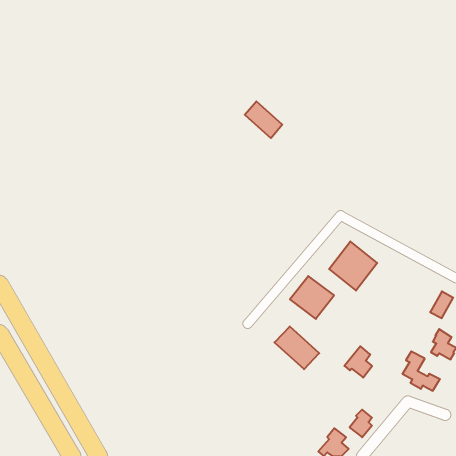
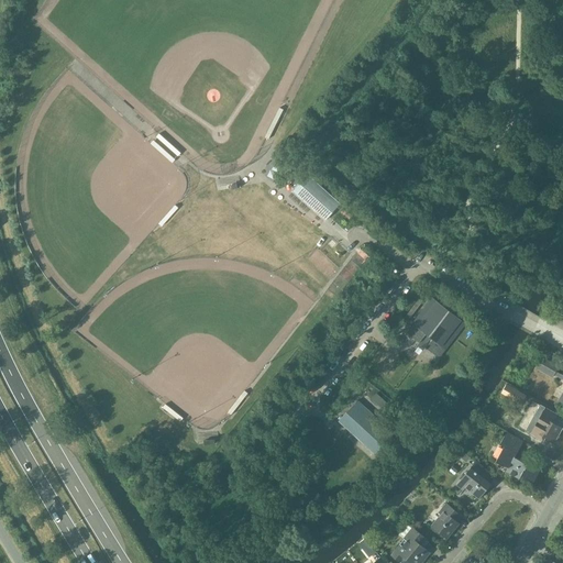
building: [245,101,282,138] -> [291,175,338,220]
building: [290,276,334,319] -> none
building: [344,346,372,378] -> [455,460,489,498]

